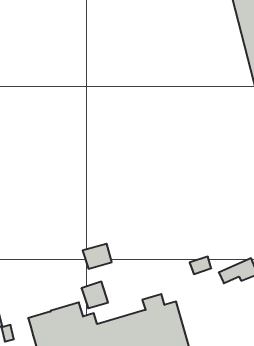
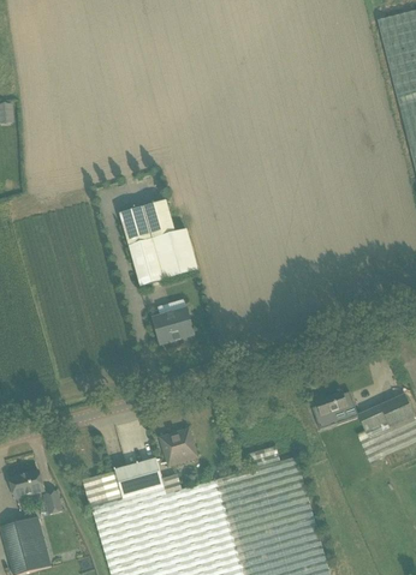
building: none -> [120,200,198,287]
building: [83,244,112,269] -> [153,309,195,345]

